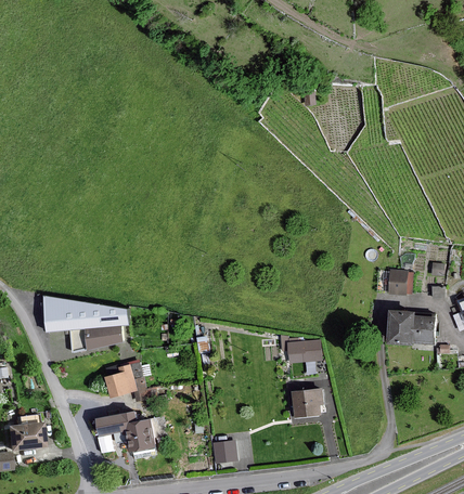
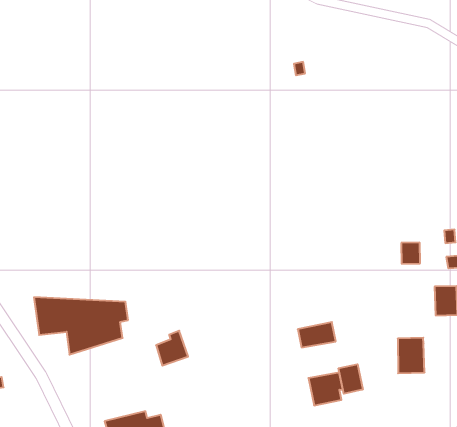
building: [392,308,418,341] -> [398,338,425,373]
building: [107,364,137,395] -> [156,331,188,366]
building: none -> [339,364,363,394]

